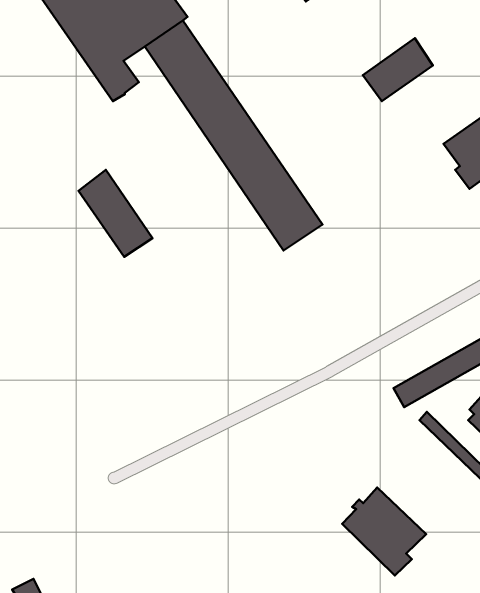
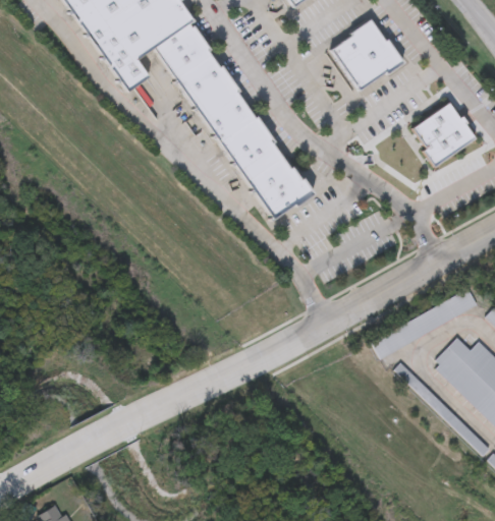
building: none -> [331,17,390,70]
building: [78,170,153,257] -> none
building: [342,487,426,575] -> none

